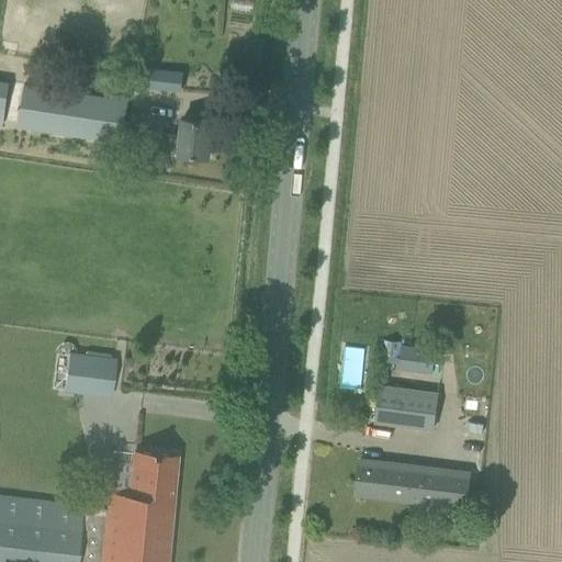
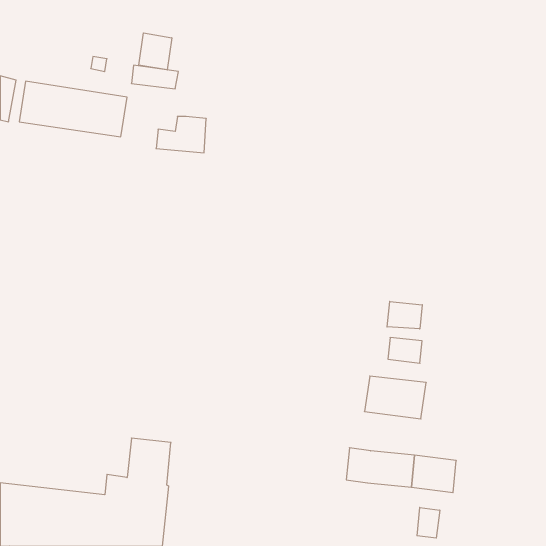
building: none -> [139,33,172,70]
building: none -> [387,301,422,329]
building: [66,351,119,395] -> none
building: none -> [417,507,440,538]

